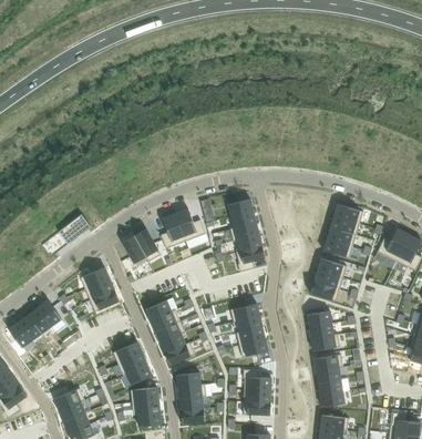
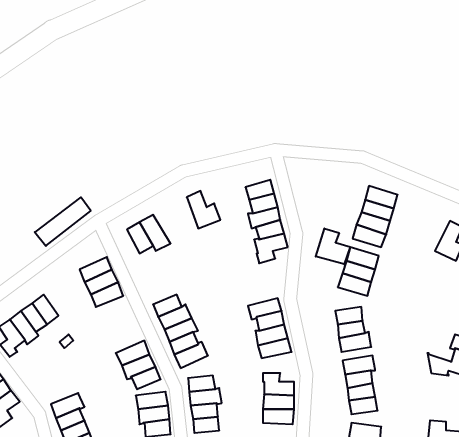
building: [161,213,186,248] -> none
building: [378,227,410,261] -> none
building: none -> [316,228,350,264]

